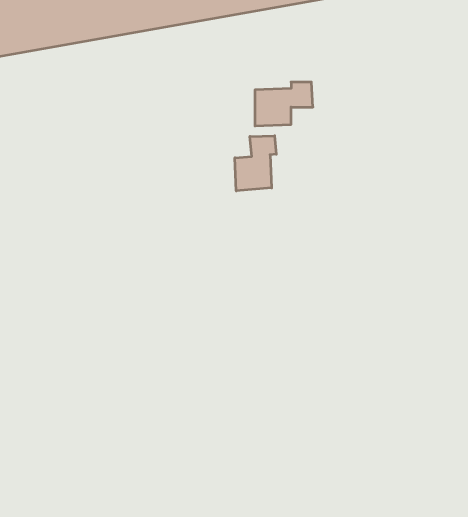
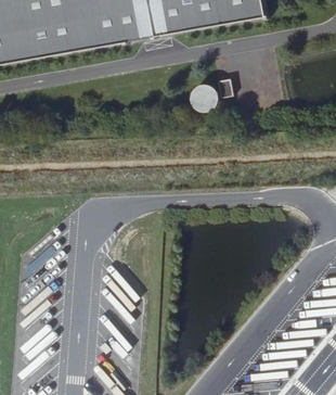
building: [235,136,276,191] -> none

